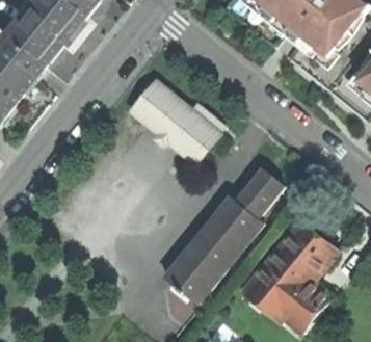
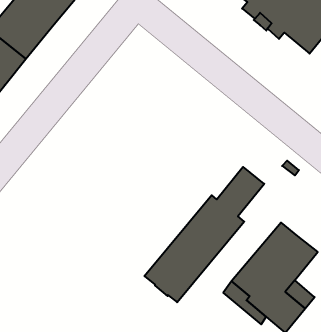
building: [130,81,223,162] -> none

